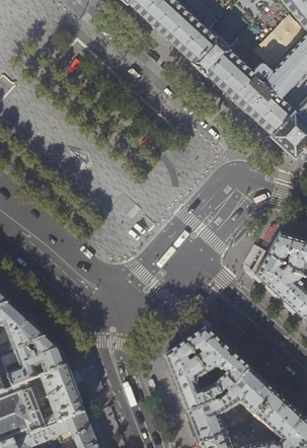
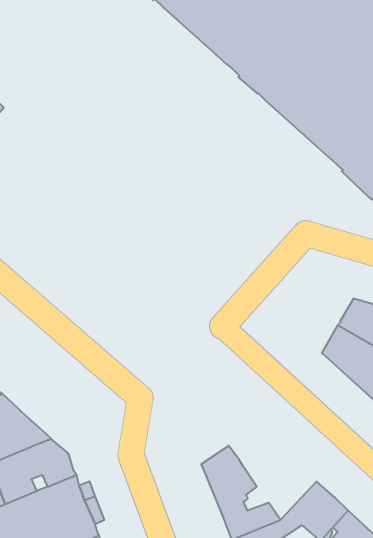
building: [184,330,251,401] -> none

